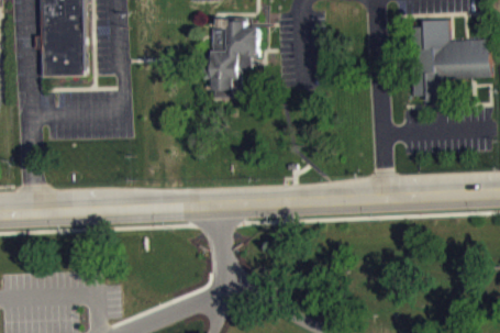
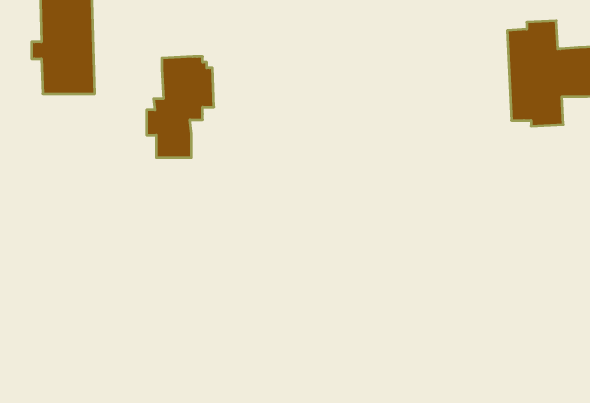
building: [207,18,259,97] -> [147,57,214,158]

